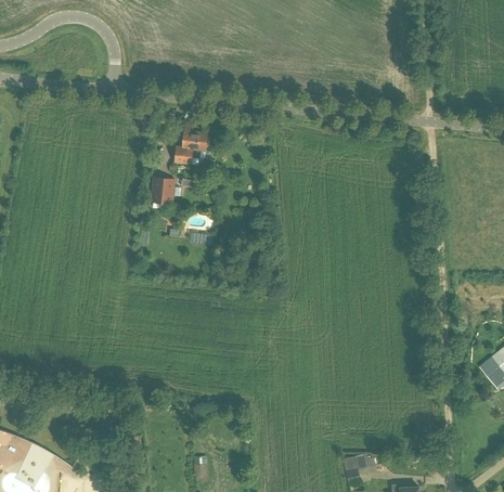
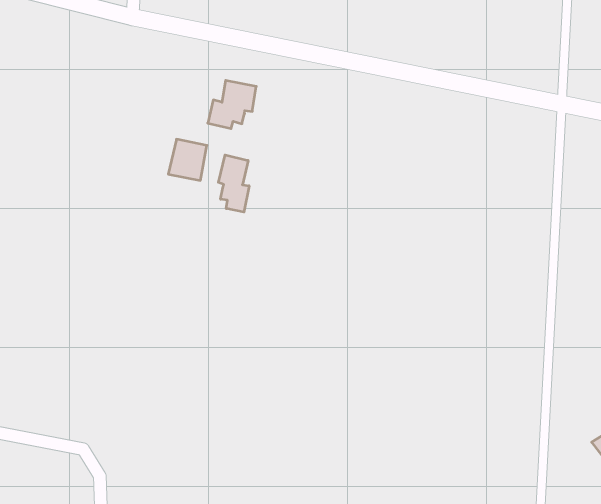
building: none -> [218,155,249,212]

